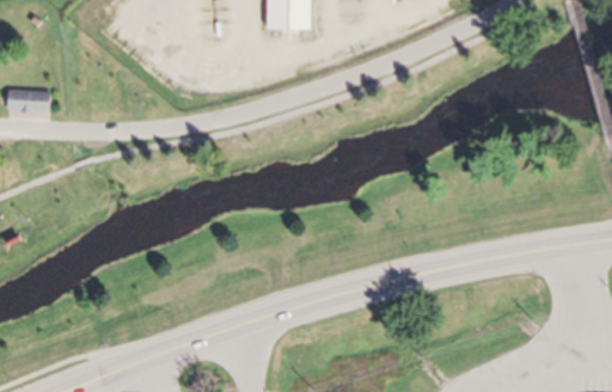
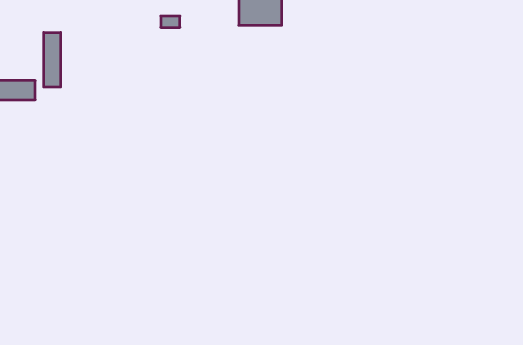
building: none -> [44,32,61,87]

